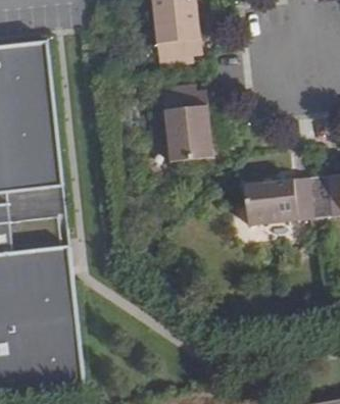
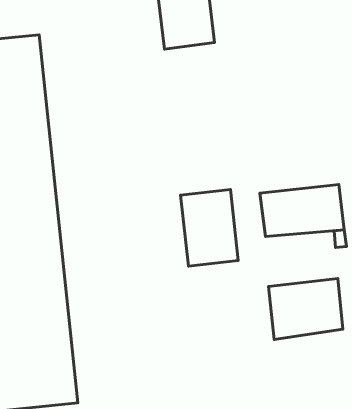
building: [164,87,217,157] -> [181,190,238,266]
building: none -> [269,279,343,339]

